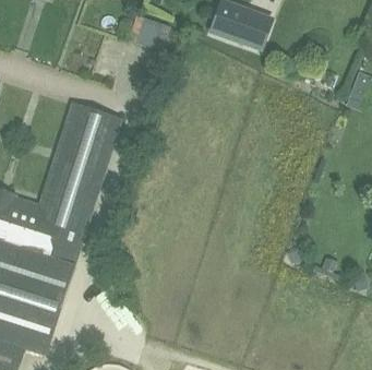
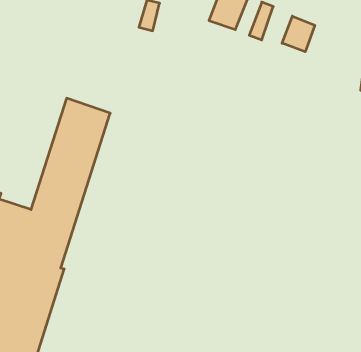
building: none -> [282,16,315,52]

